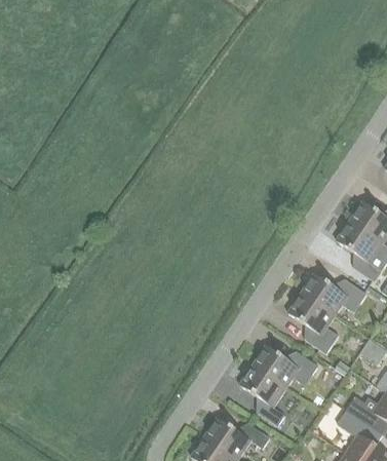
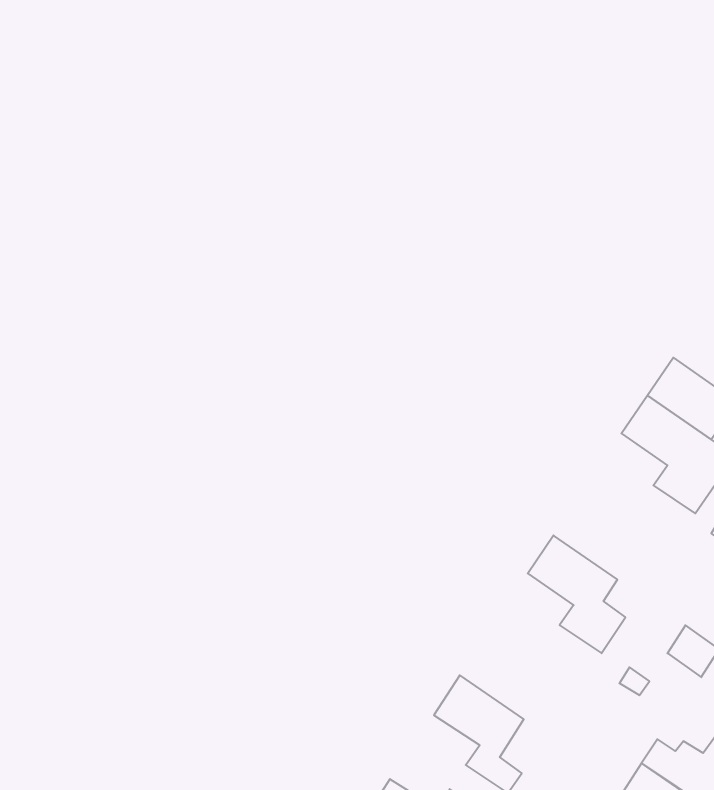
building: [301,272,366,314] -> none
building: [253,344,317,386] -> none

